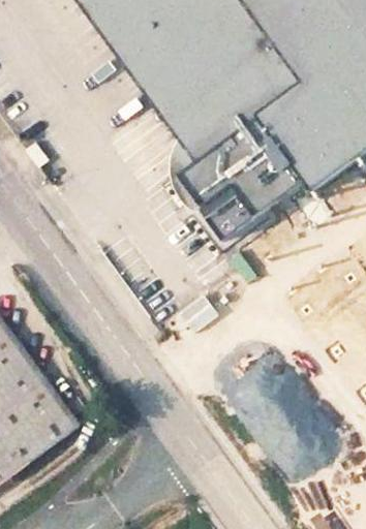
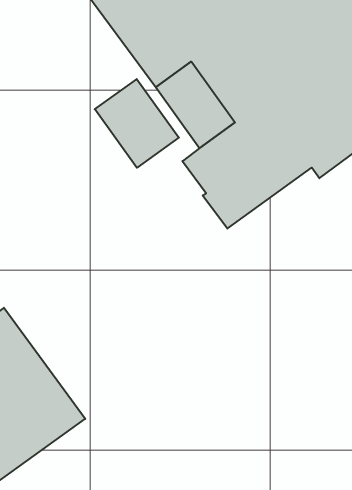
building: none -> [95,79,179,168]

